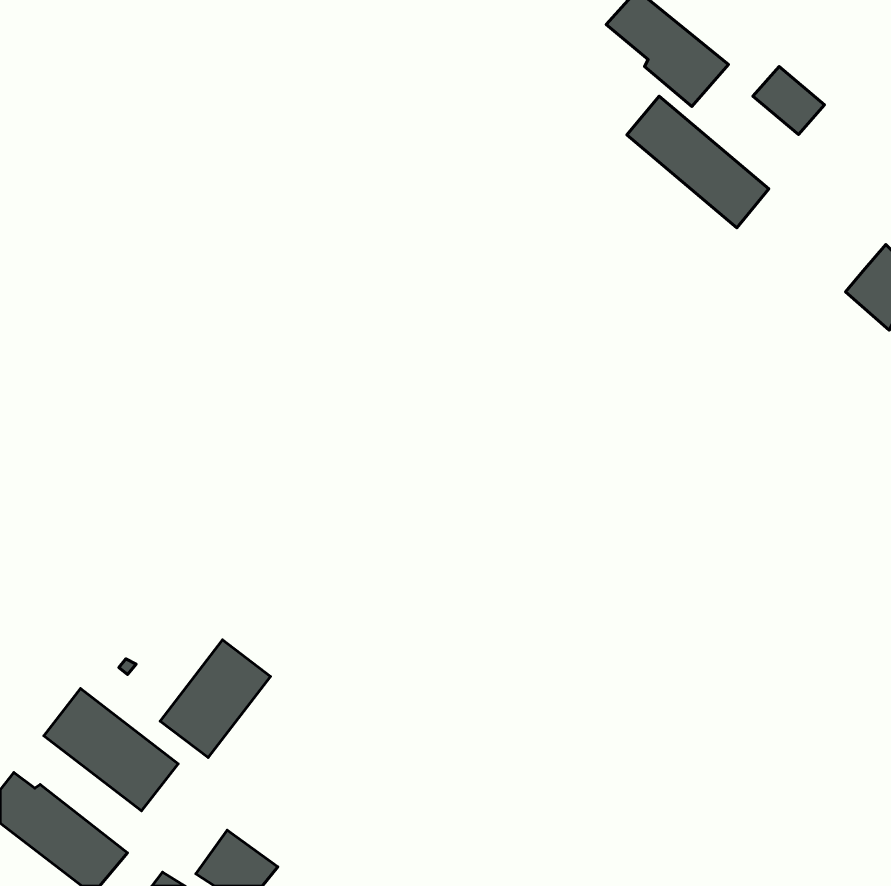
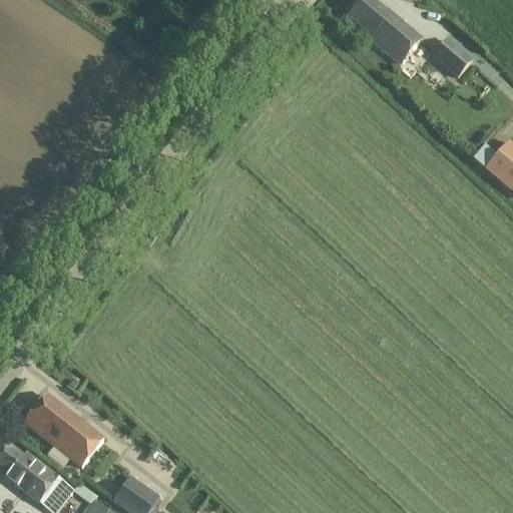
building: [627,96,769,228] -> none
building: [160,640,270,758] -> none

